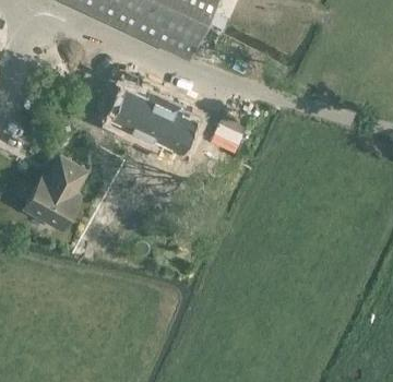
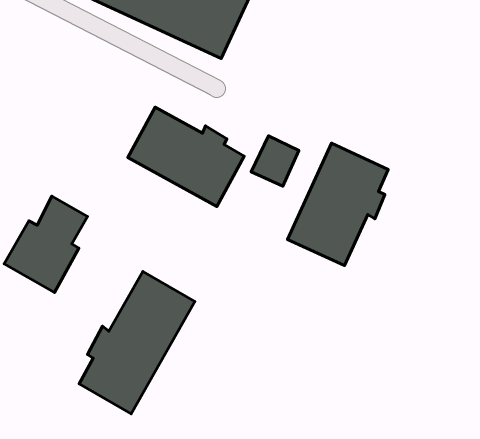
building: none -> [288,143,388,266]
building: none -> [79,272,195,414]

